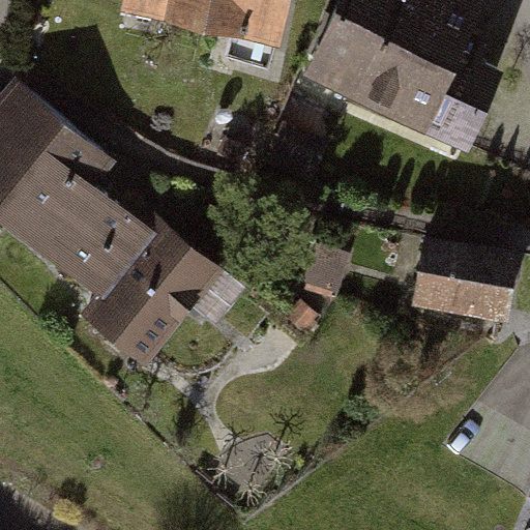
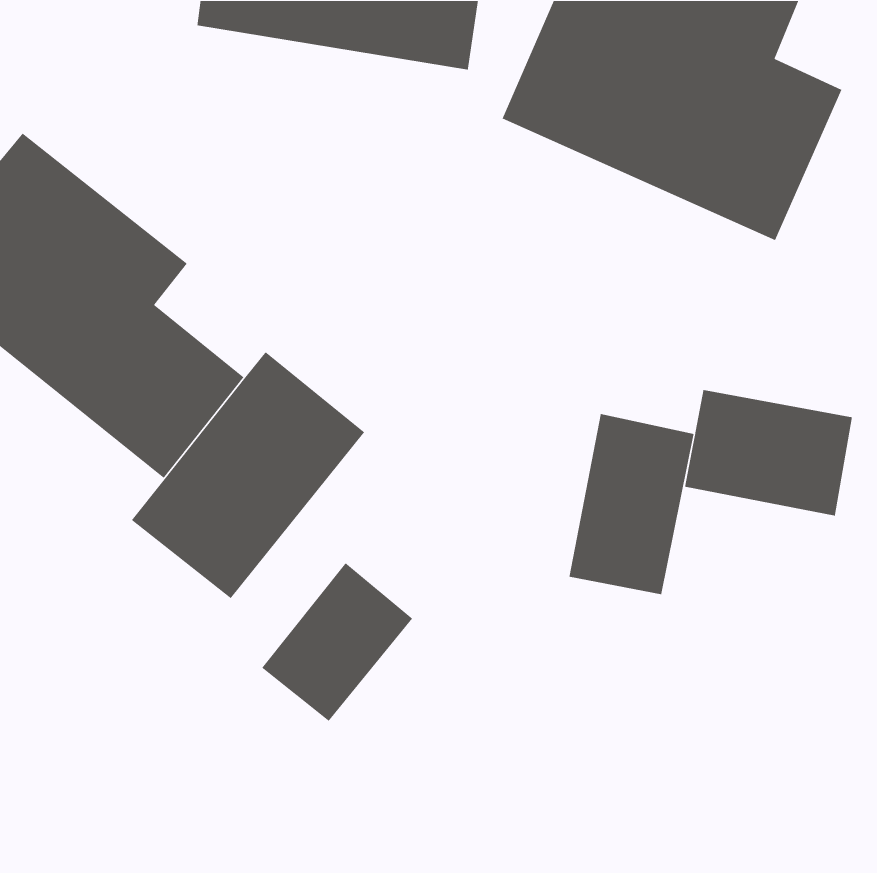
building: none -> [569,413,694,595]
building: none -> [261,562,413,722]

